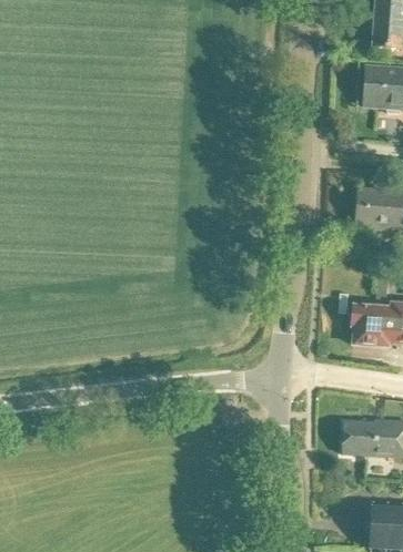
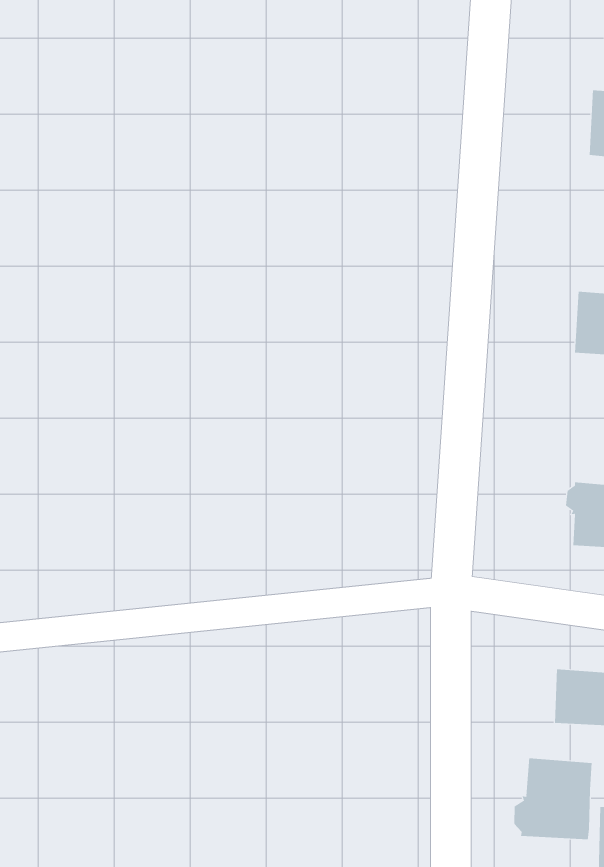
building: none -> [514,757,592,840]

